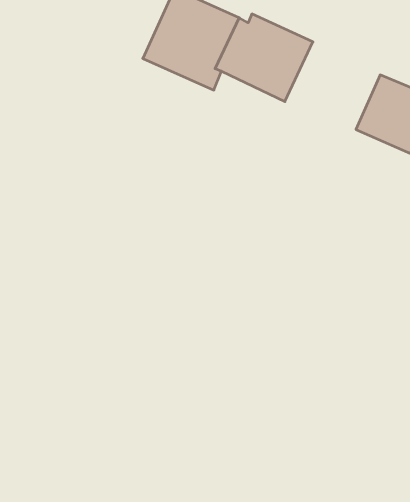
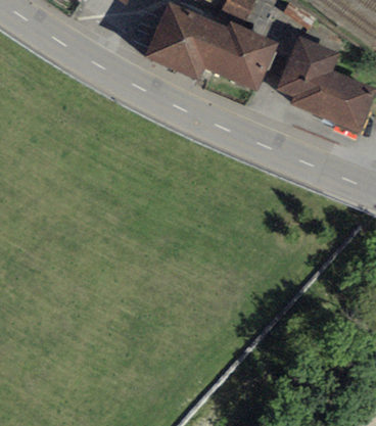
building: none -> [276,36,340,113]

